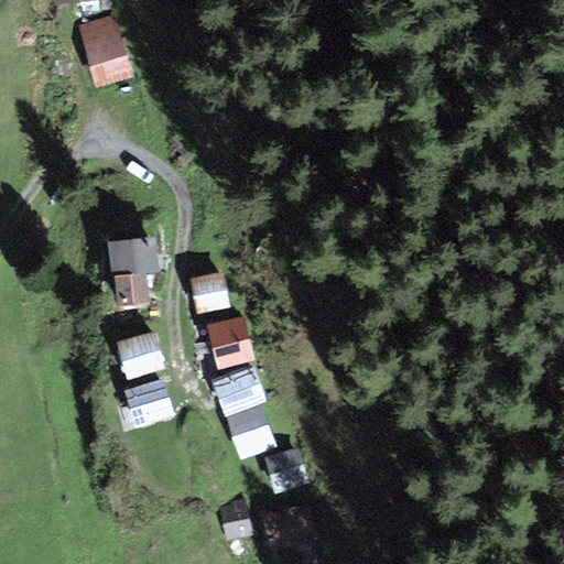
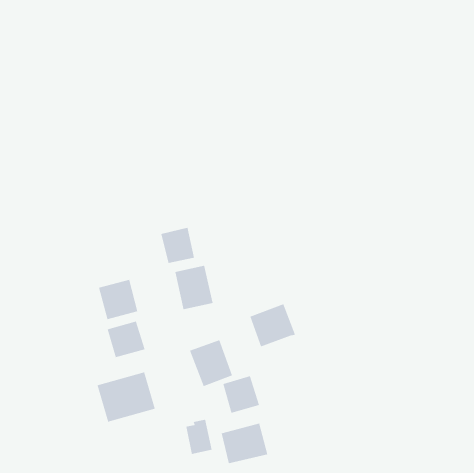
building: [77,15,132,87] -> none
building: [108,237,161,306] -> none
building: [212,365,267,416] -> [249,303,296,347]
building: none -> [97,371,155,423]

